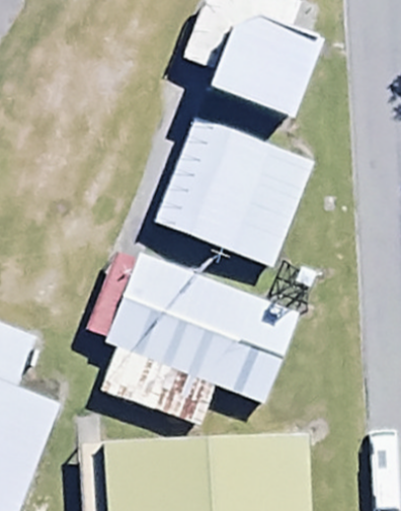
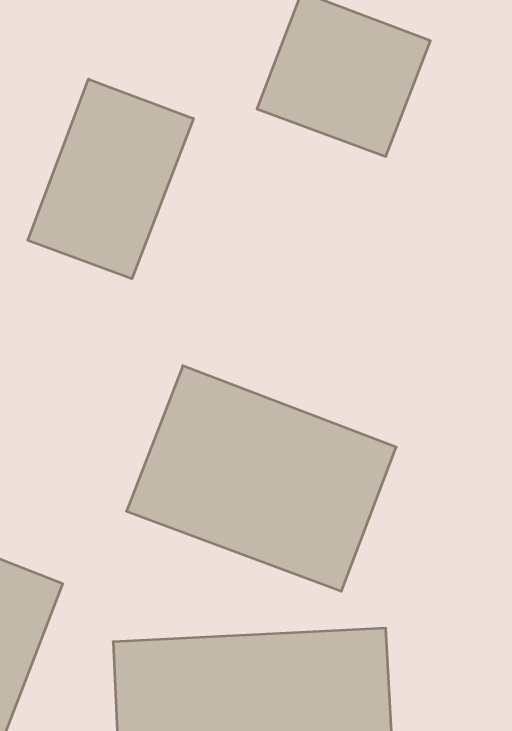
building: none -> [28,79,193,279]
building: [160,121,307,259] -> none

